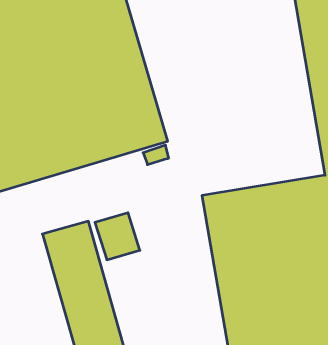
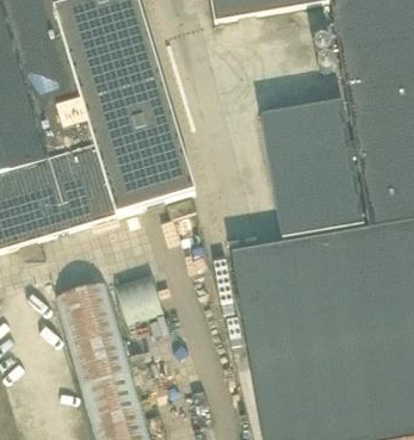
building: none -> [260,99,364,236]

